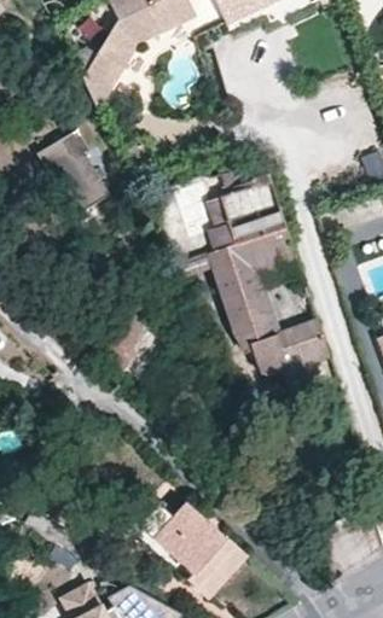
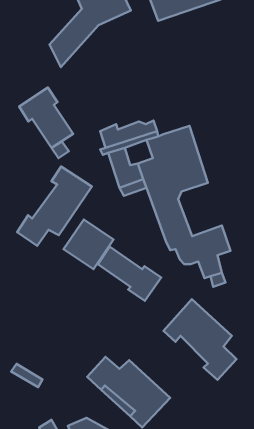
building: none -> [17,166,92,246]
building: none -> [98,246,161,301]
building: none -> [163,299,237,380]

